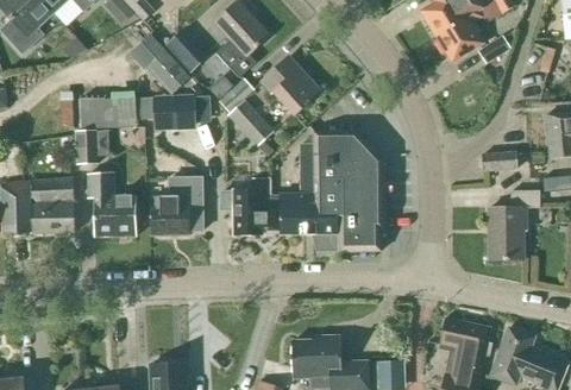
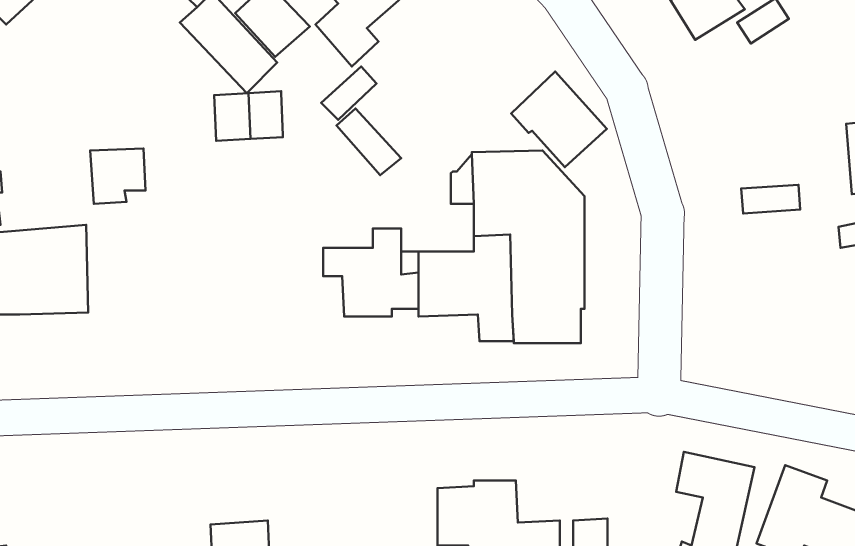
building: [261,56,320,115] -> [511,72,607,167]
building: [80,92,136,128] -> none
building: [87,171,136,237] -> none
building: [150,177,202,235] -> none
building: [488,190,539,259] -> none

